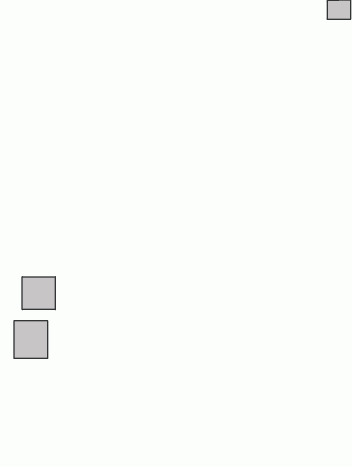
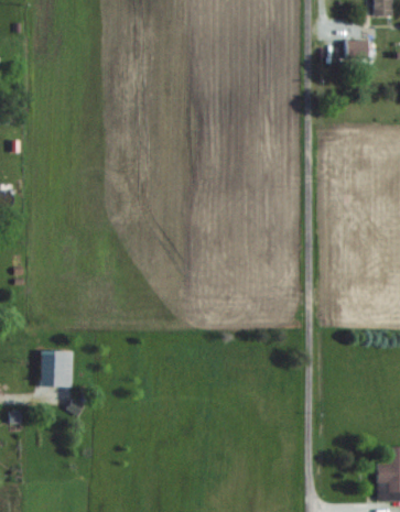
building: [22,277,55,310] -> none

